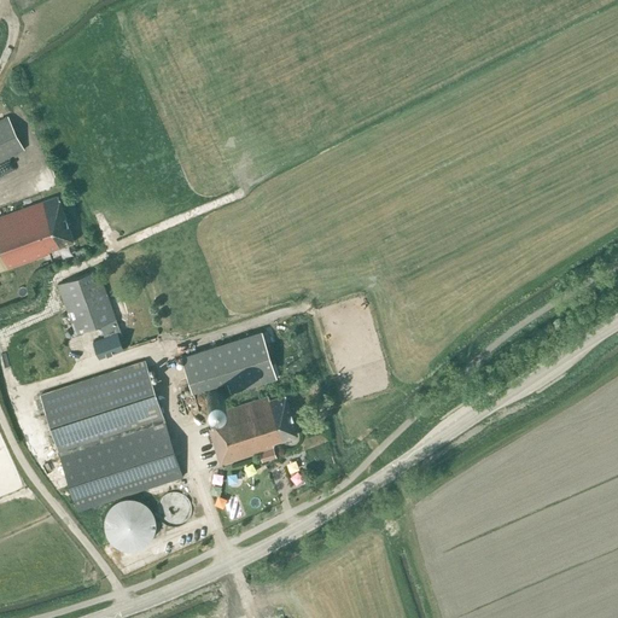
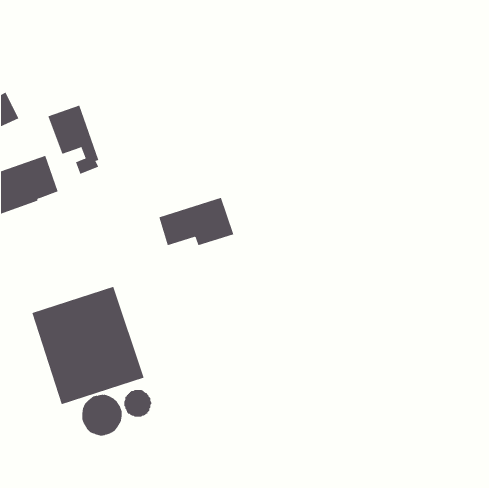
building: [57,272,122,360] -> [47,105,99,175]
building: [181,332,276,393] -> [158,197,234,246]
building: [206,396,297,466] -> none

